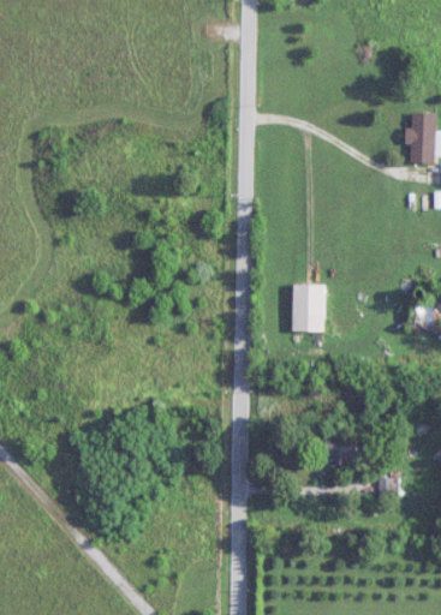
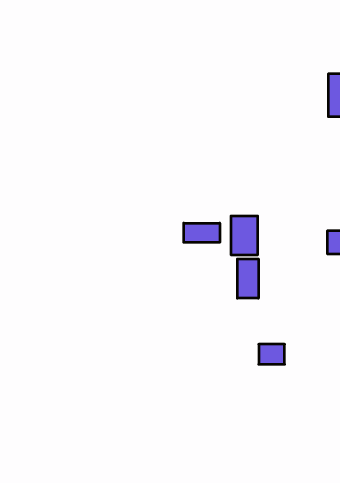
building: none -> [184,223,220,242]
building: none -> [237,259,258,298]

